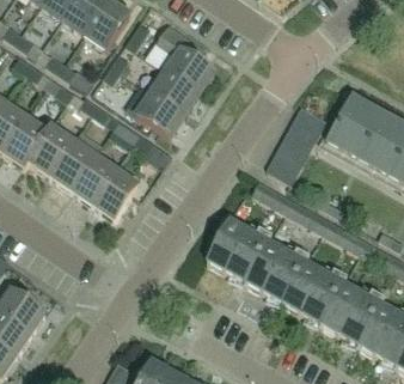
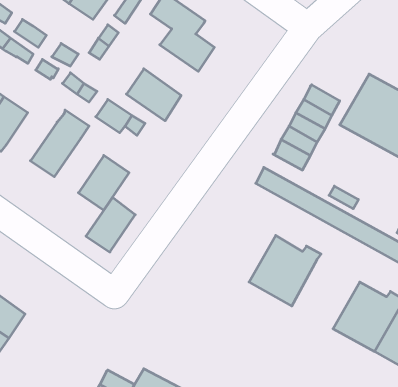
building: [151,69,200,115] -> none
building: [27,124,73,173] -> none
building: [71,153,115,202] -> [86,197,135,252]
building: [207,220,271,282] -> none
building: [283,262,347,324] -> none

